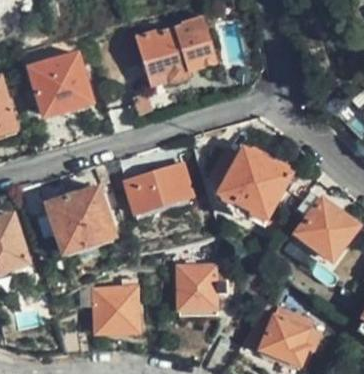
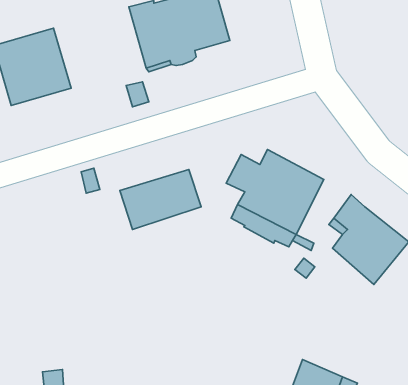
building: [45,185,110,251] -> none
building: [179,268,226,311] -> none
building: [94,288,138,331] -> none

